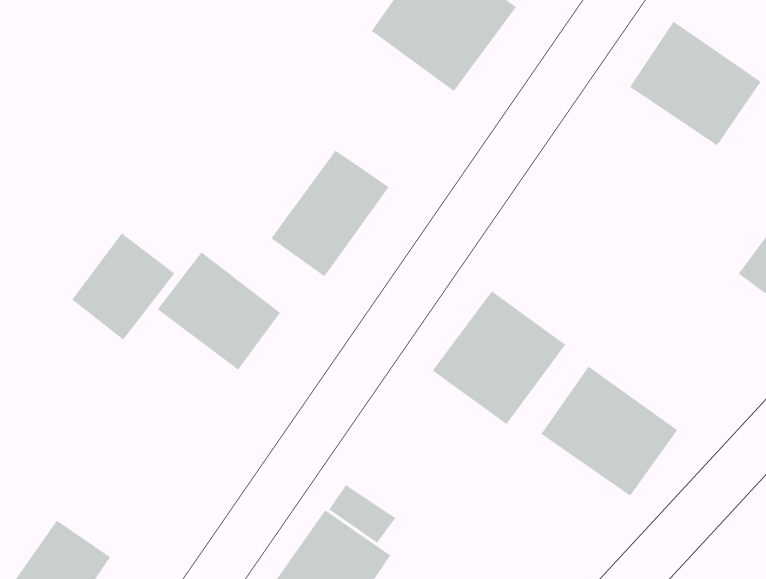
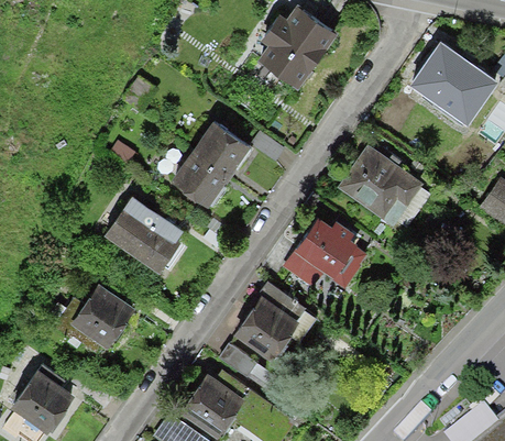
building: [72,232,175,341] -> none
building: [541,366,678,497] -> [336,147,425,232]
building: none -> [70,283,135,346]
building: none -> [233,283,316,366]

